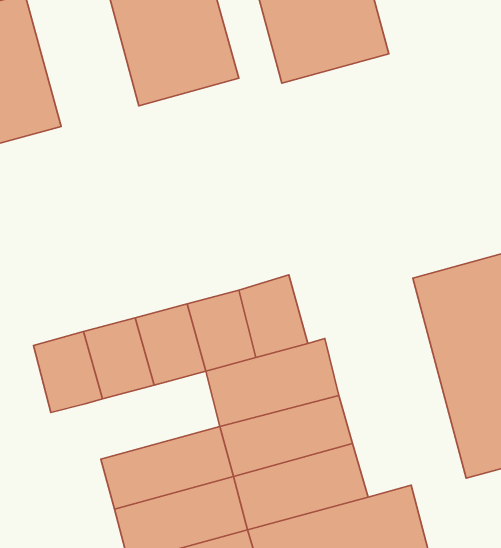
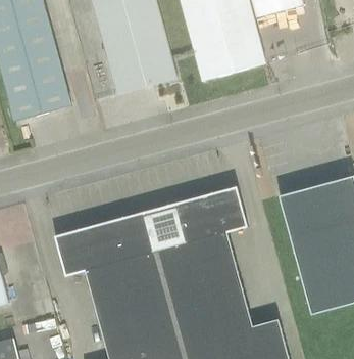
building: none -> [206,186,248,235]
building: none -> [86,252,165,304]

